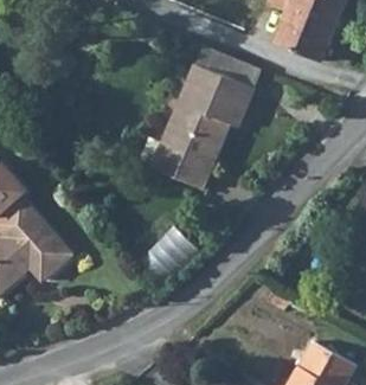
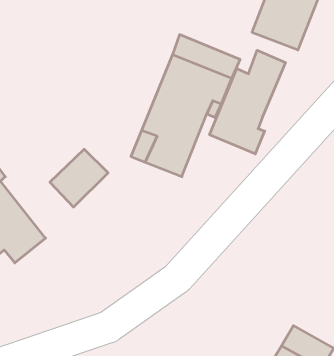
building: none -> [210,50,285,154]
building: [141,224,199,282] -> [50,149,108,207]

